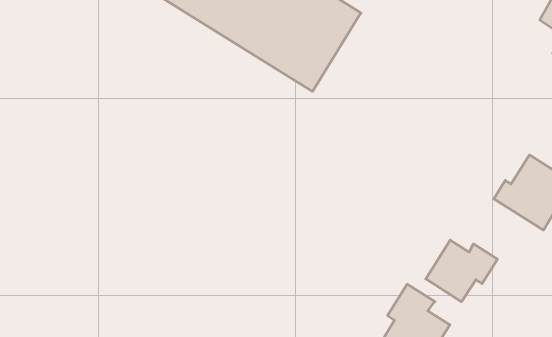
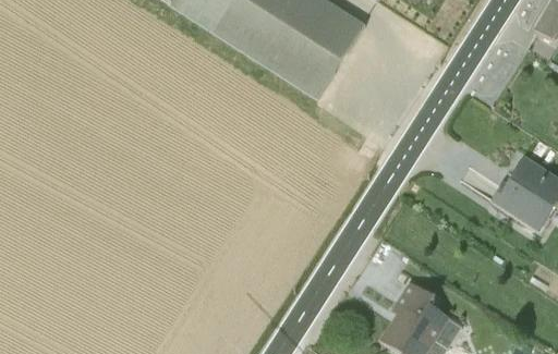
building: [426,240,497,302] -> none

